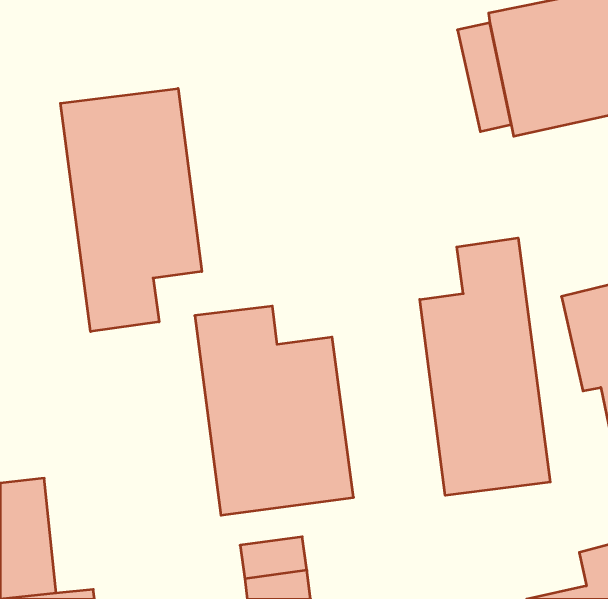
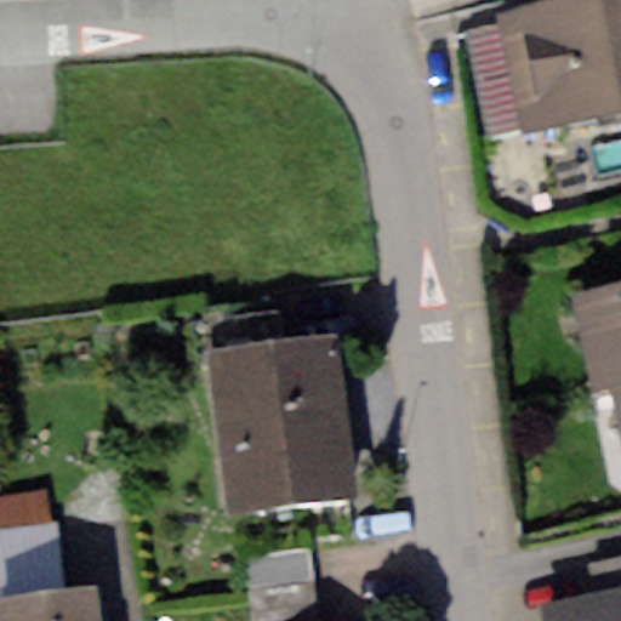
building: [60,88,202,332] -> none
building: [420,238,550,495] -> none

